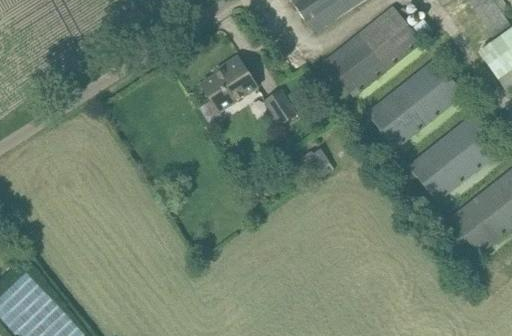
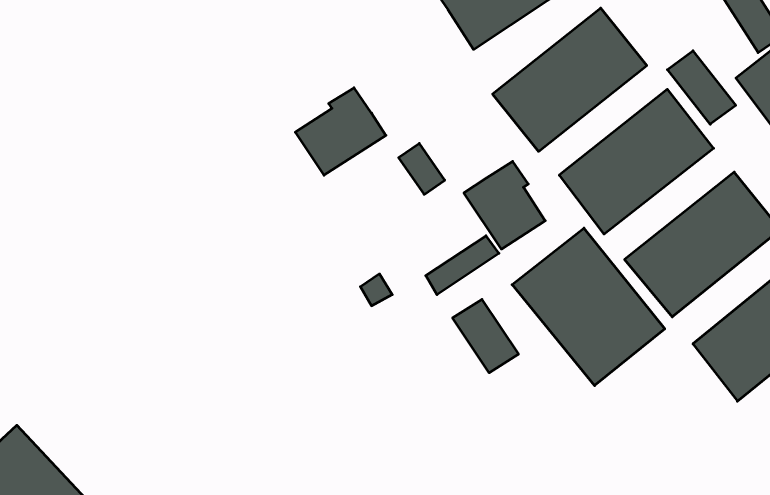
building: none -> [667,51,736,124]
building: none -> [464,161,545,249]
building: none -> [512,228,665,386]
building: none -> [453,299,518,373]

